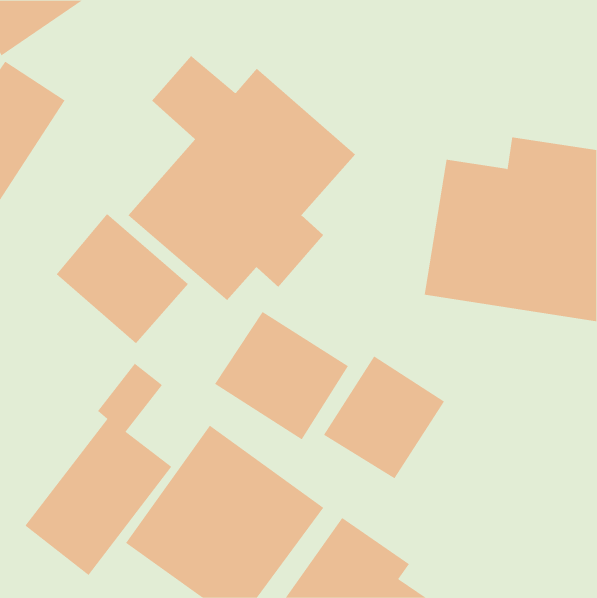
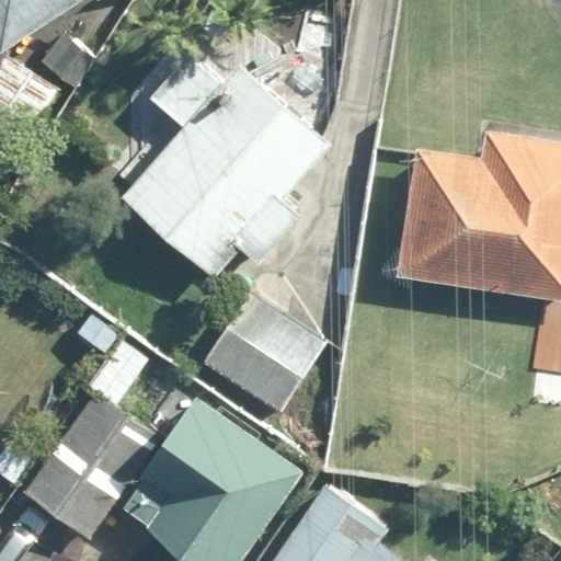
building: [56,213,189,344] -> none
building: [323,355,445,479] -> none

